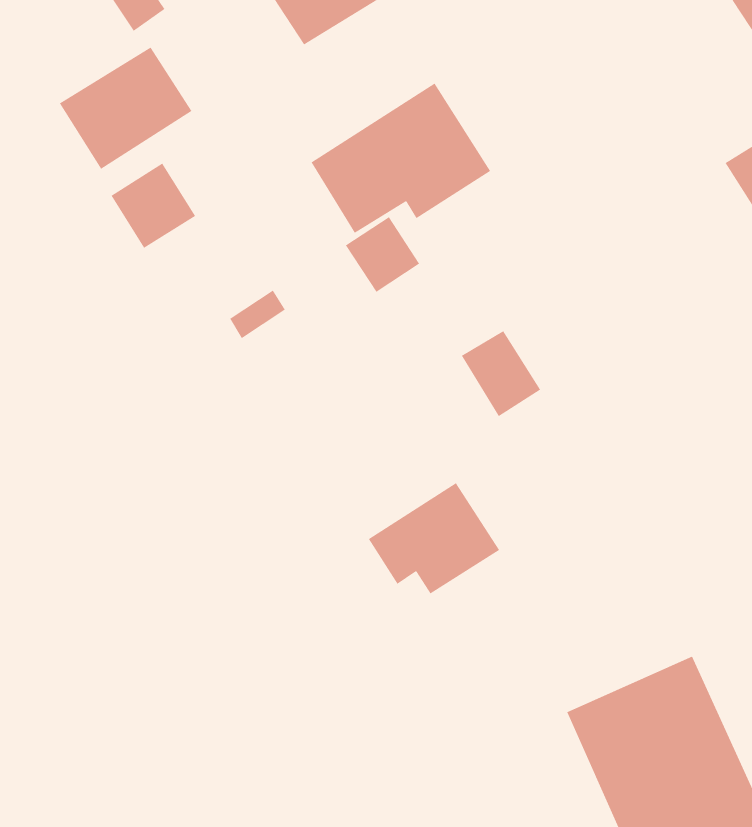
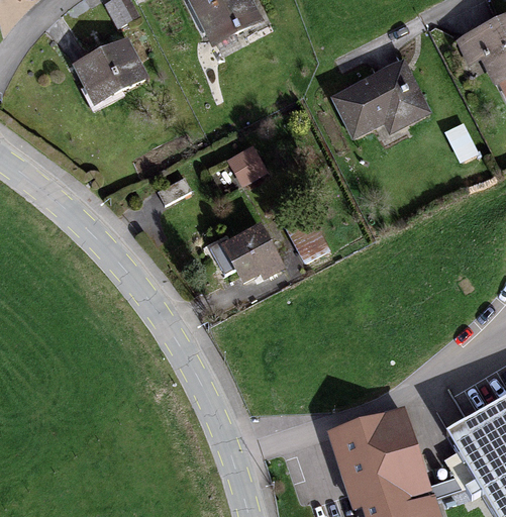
building: [310,83,491,234] -> [330,59,431,139]
building: [110,163,196,249] -> none
building: [368,482,500,594] -> [210,222,284,284]

